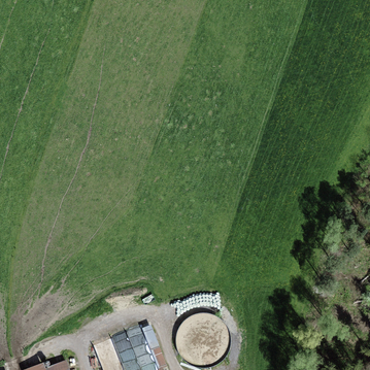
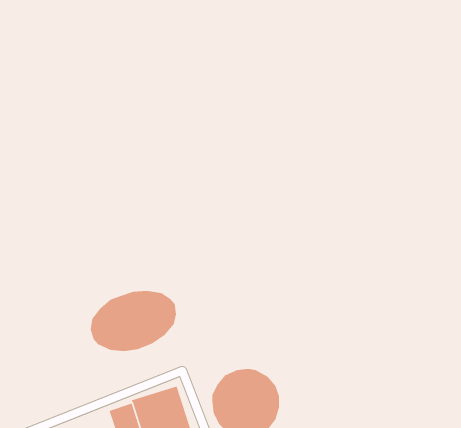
building: none -> [90,290,177,352]

